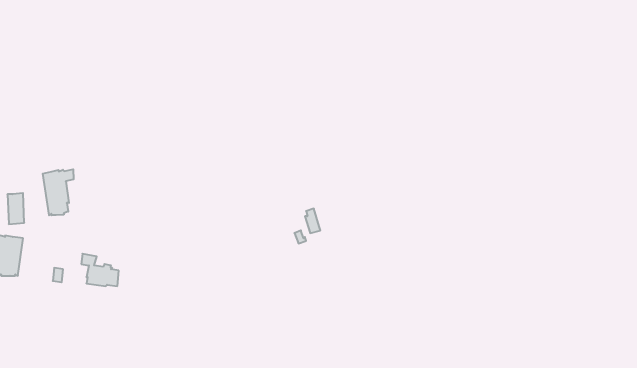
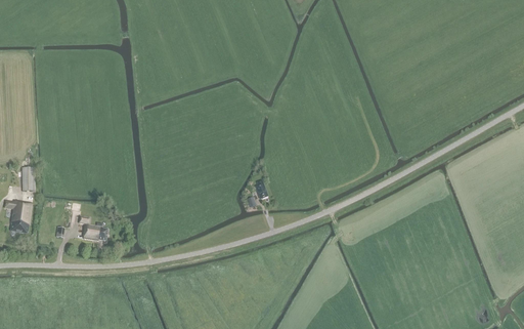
building: [43,169,74,215] -> none

